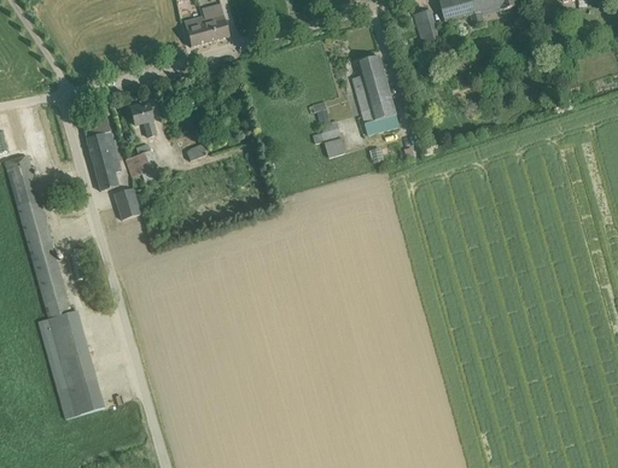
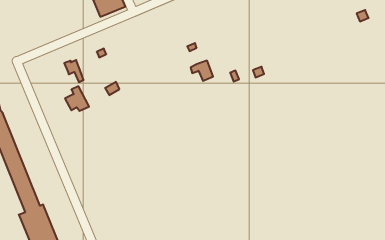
building: [351,54,398,134] -> none
building: [81,116,119,189] -> none
building: [113,187,140,218] -> none

